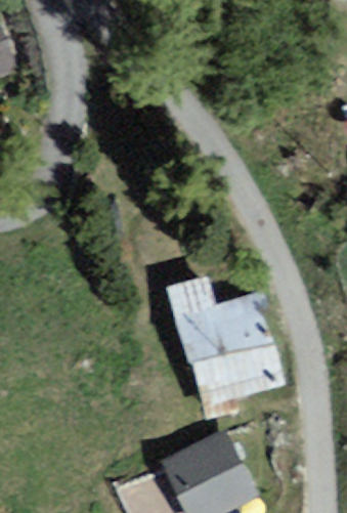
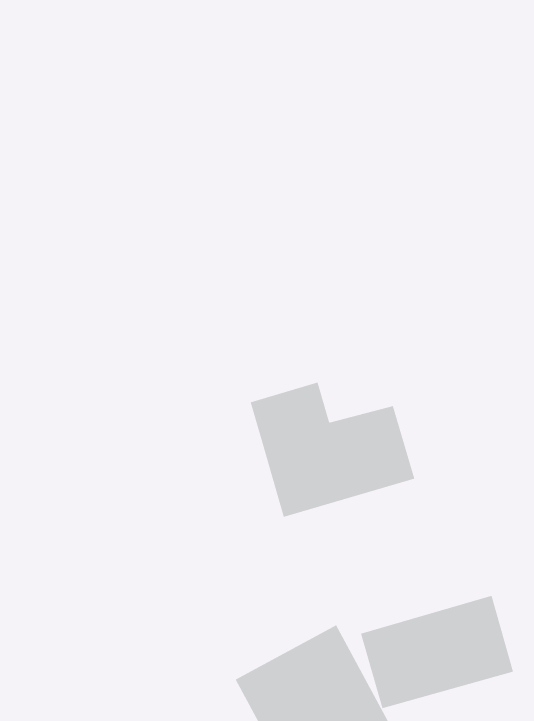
building: [188,338,283,408] -> [360,595,514,709]

